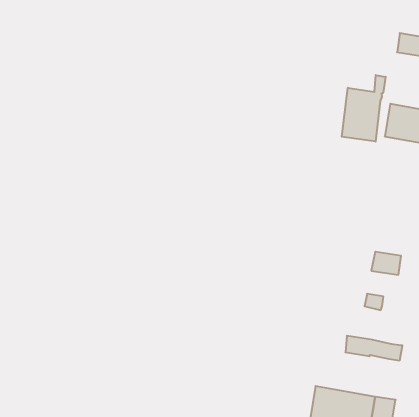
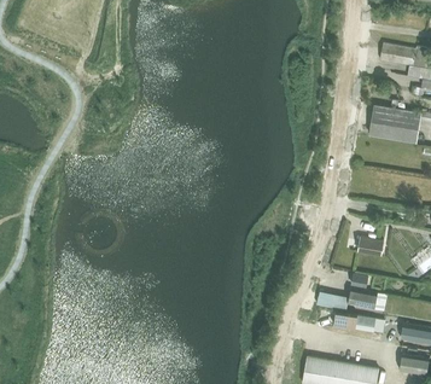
building: [342,75,386,142] -> none
building: none -> [331,286,386,310]

